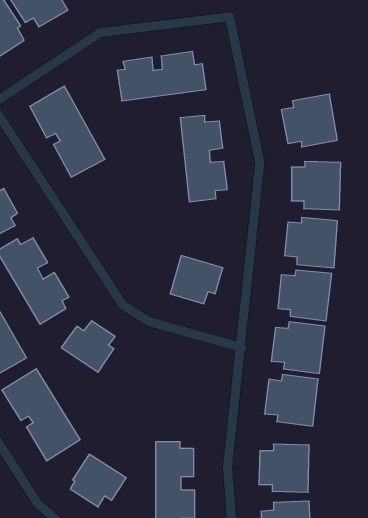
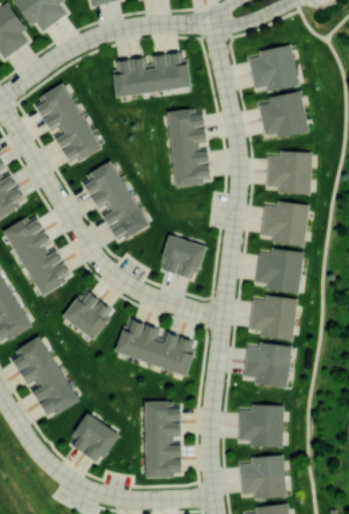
building: none -> [250,44,299,91]
building: none -> [84,161,148,243]
building: none -> [115,320,196,375]

